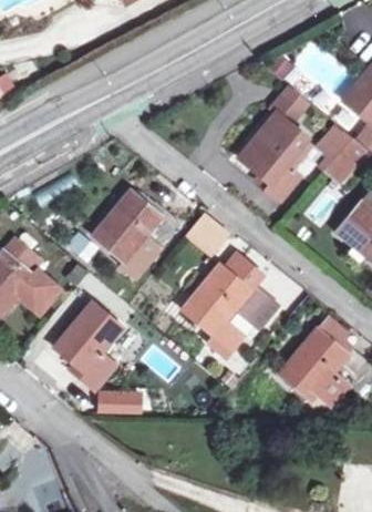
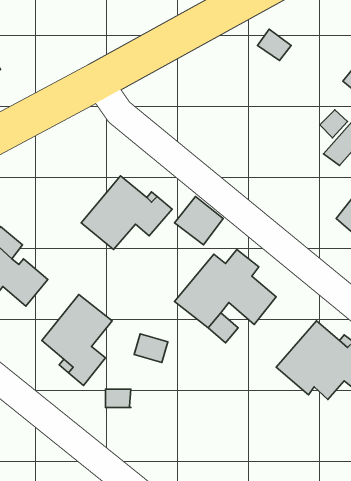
building: [239,85,309,198] -> none

